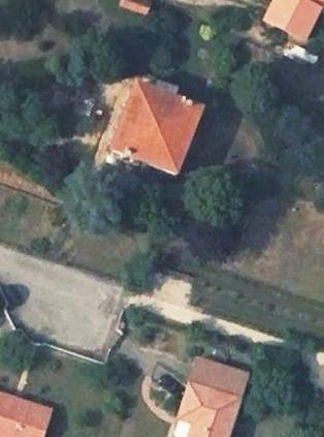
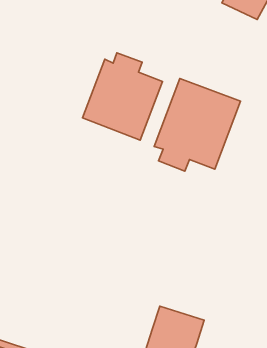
building: none -> [154,78,241,171]

